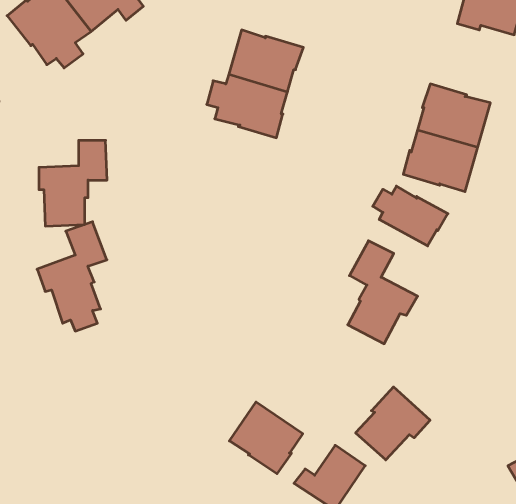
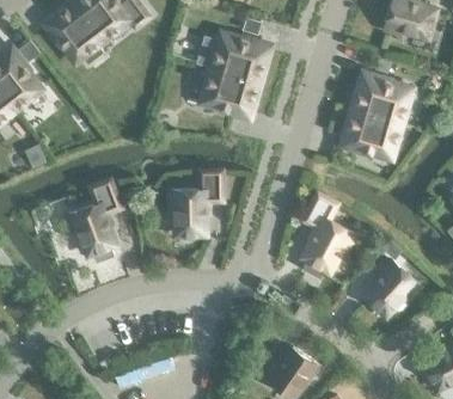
building: [39,140,107,226] -> [169,168,220,233]
building: [373,186,448,246] -> none
building: [356,387,430,460] -> [361,258,417,313]
building: [229,402,303,474] -> none

